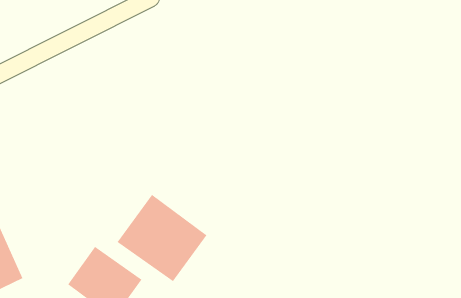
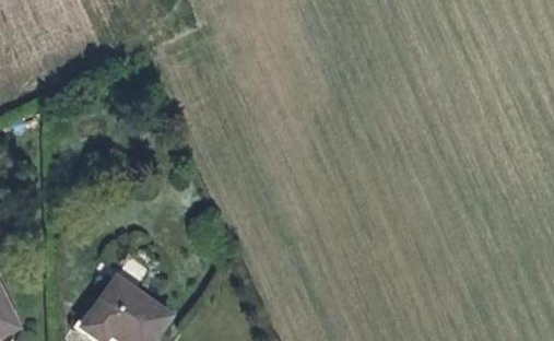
building: [117,194,207,282] -> none

